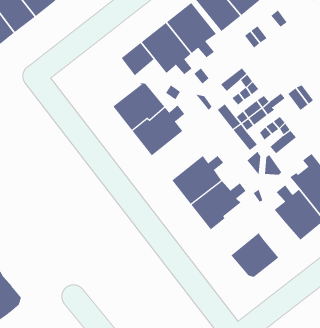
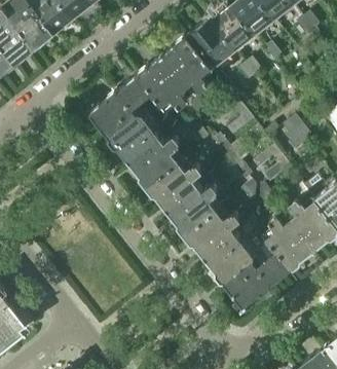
building: none -> [93,90,138,138]
building: none -> [148,161,202,210]
building: none -> [205,231,254,283]
building: none -> [258,252,293,285]

